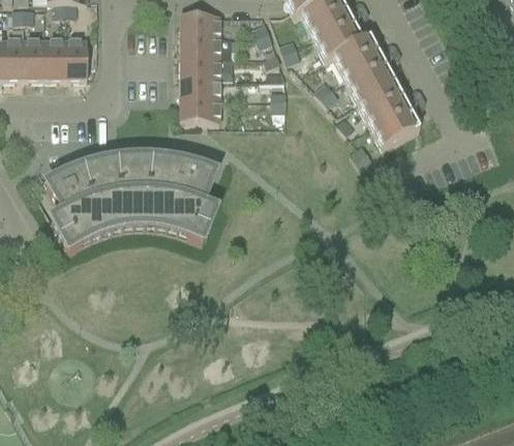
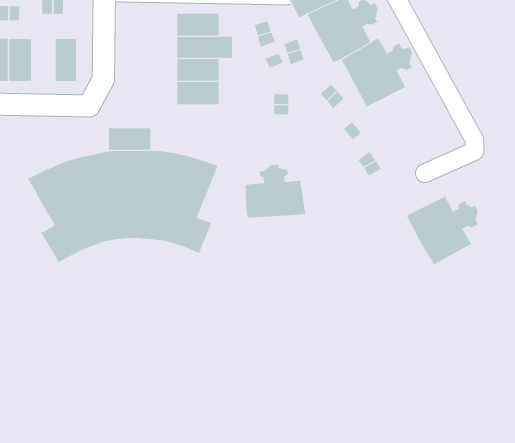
building: [44,41,66,82] -> none
building: [358,87,426,152] -> [406,196,479,265]
building: [180,103,220,124] -> [108,128,151,150]
building: none -> [245,164,306,218]

